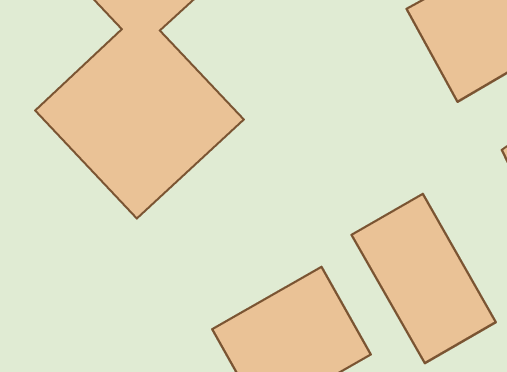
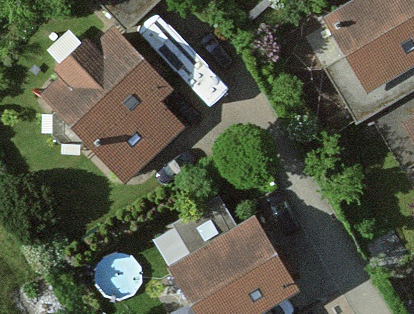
building: [352,194,496,363] -> none

